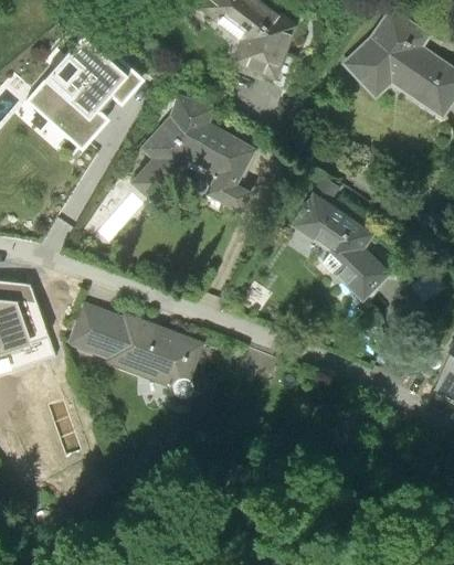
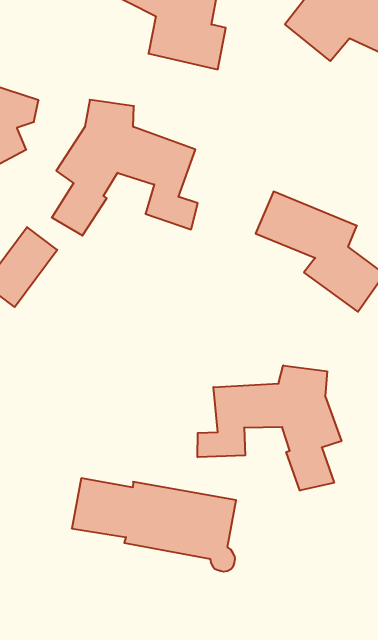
building: [67,305,202,398] -> [72,478,236,572]
building: none -> [198,365,341,491]

